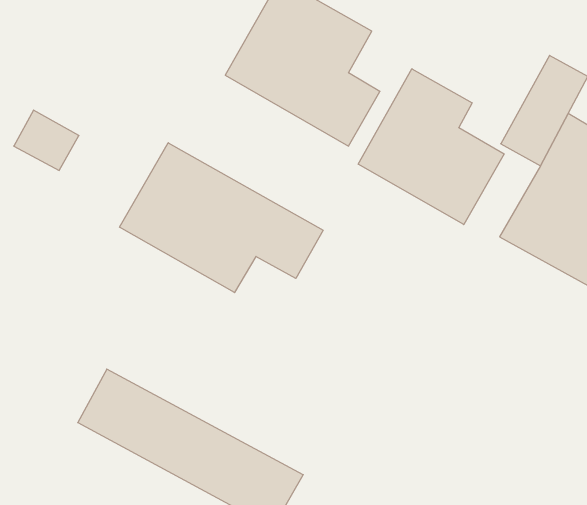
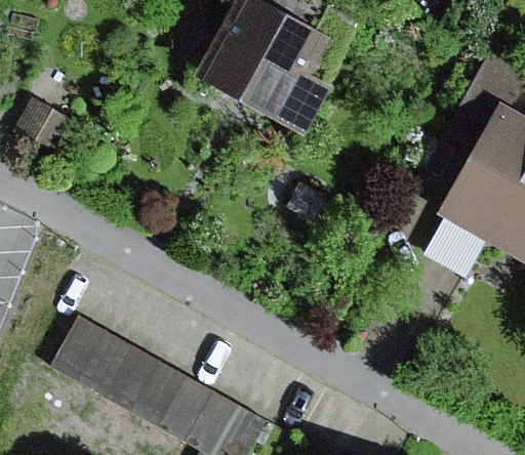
building: [358,69,504,225] -> none
building: [120,143,323,293] -> none

